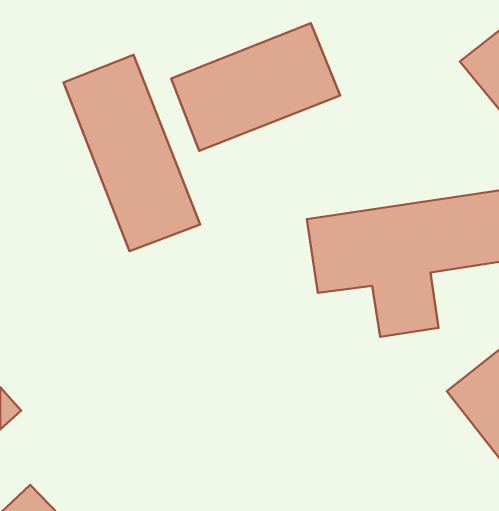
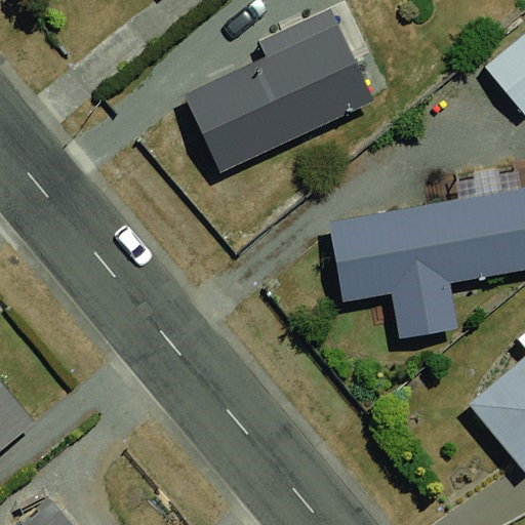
building: [64,55,200,251] -> none

